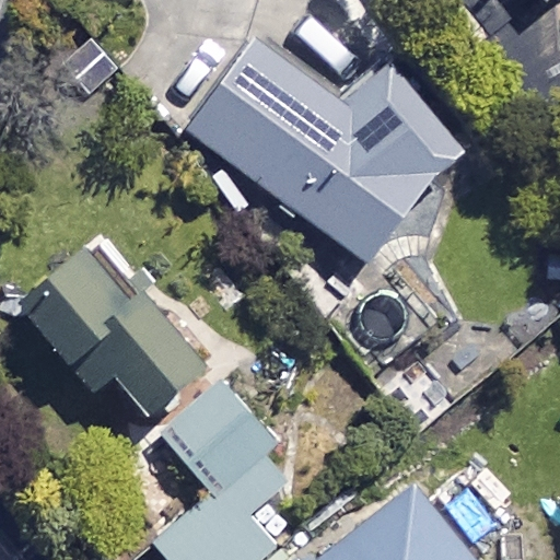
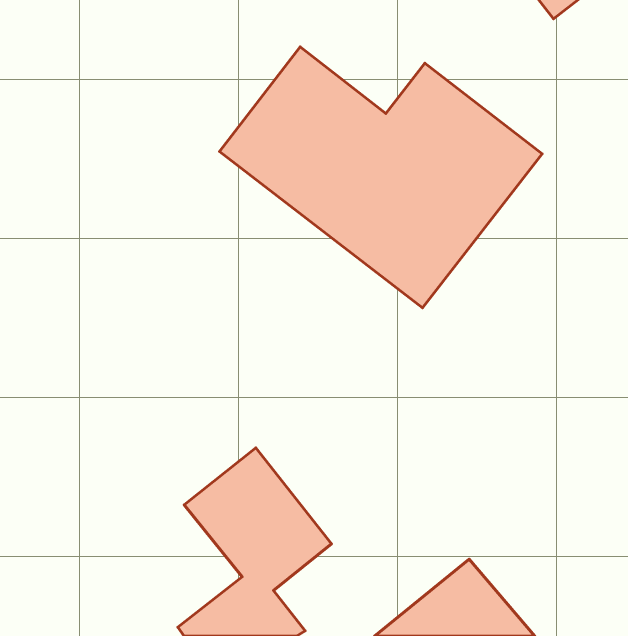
building: [20,244,210,421] -> none

